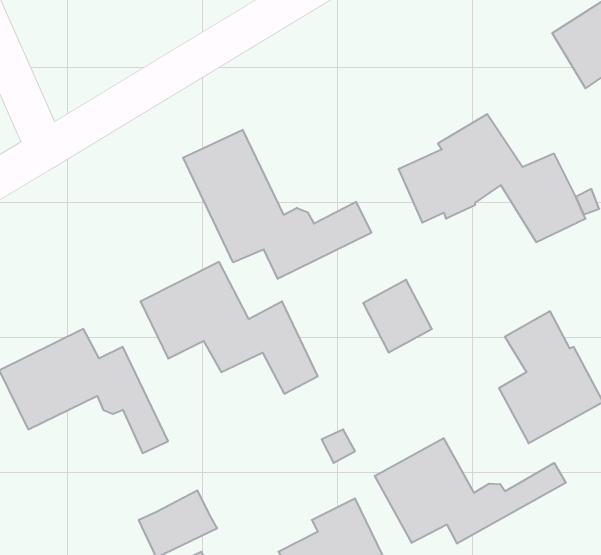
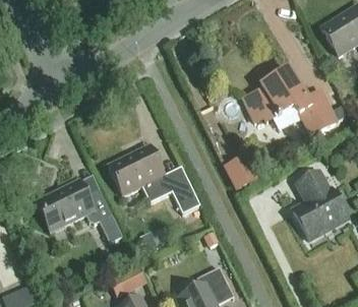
building: [183,130,371,279] -> none
building: [375,438,566,544] -> none

